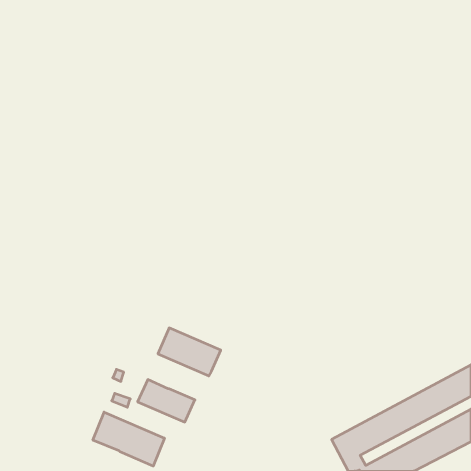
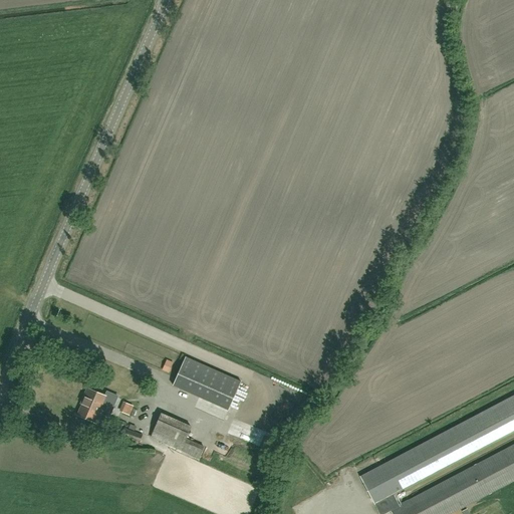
building: none -> [77,389,113,422]
building: [93,412,164,466] -> none

